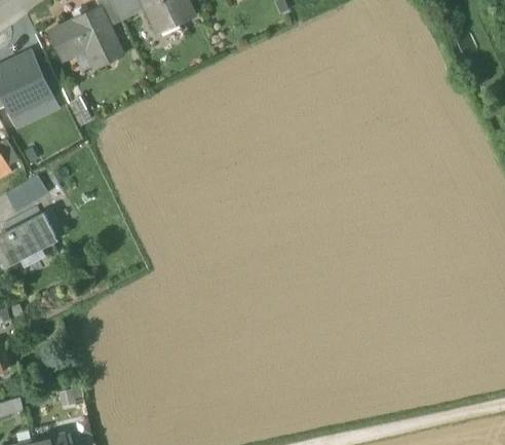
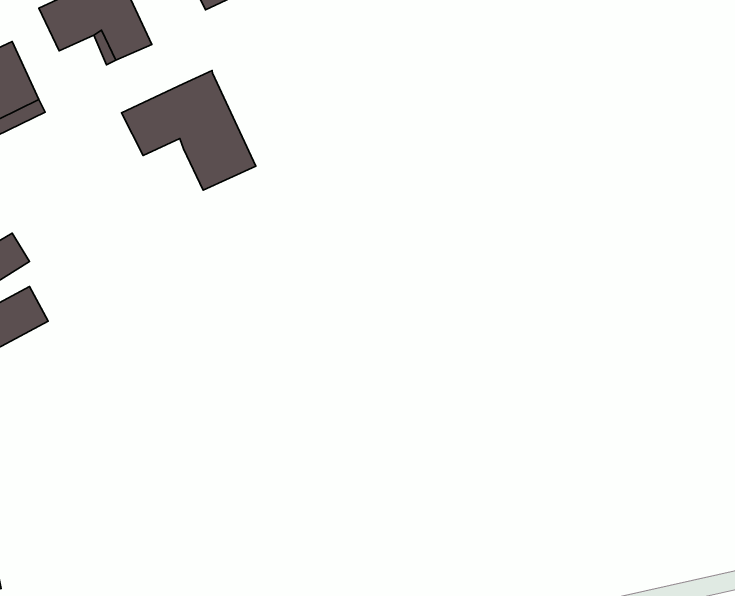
building: none -> [122,70,256,190]

